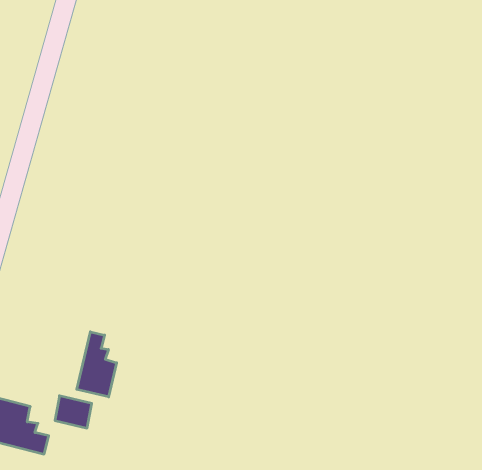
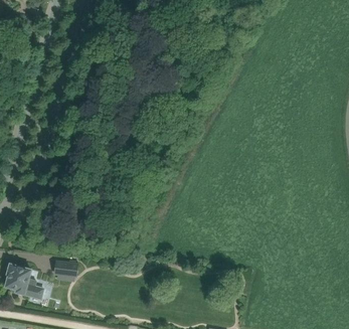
building: [77,332,117,397] -> none

